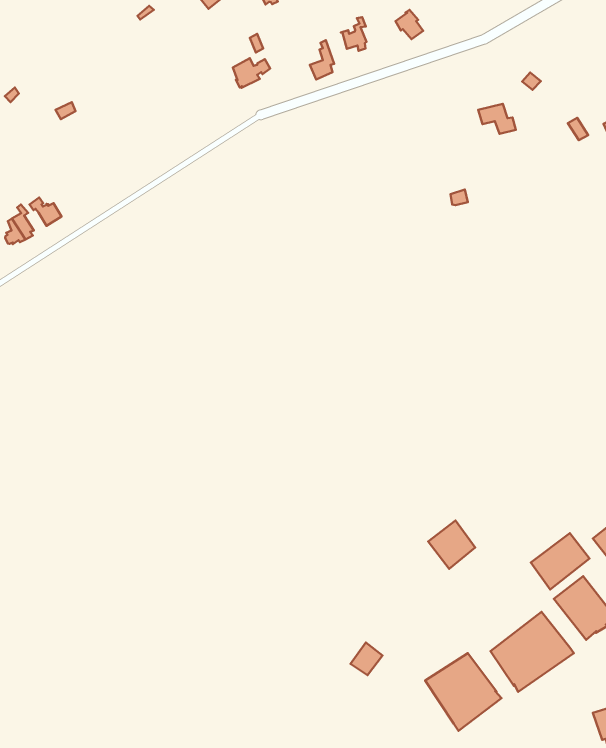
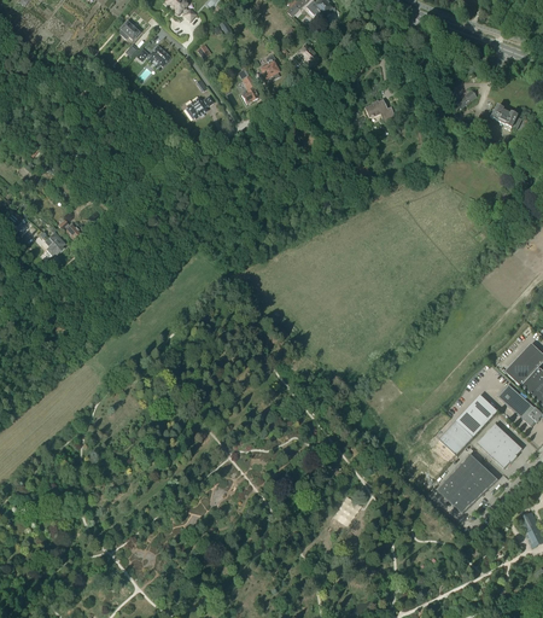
building: [428,520,475,569] -> [439,420,473,455]
building: [425,653,501,731] -> none

